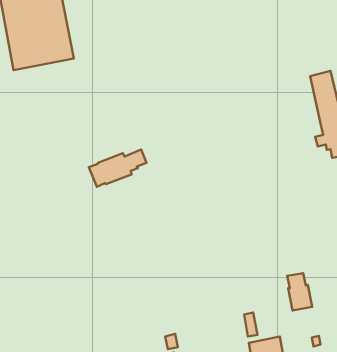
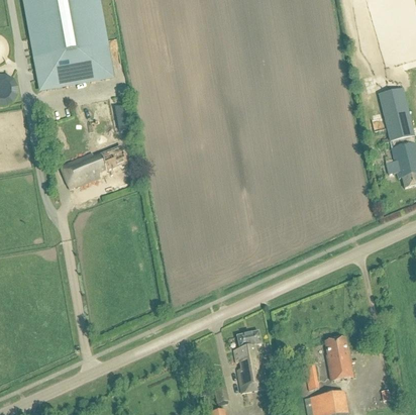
building: [89,149,147,187] -> [60,145,125,188]
building: [287,273,312,310] -> [325,338,353,381]
building: none -> [233,330,268,392]

